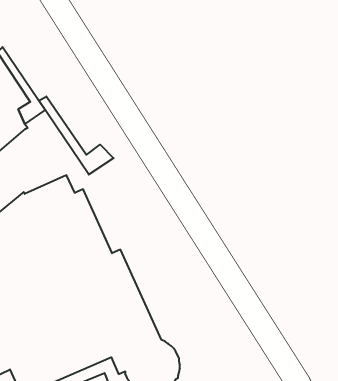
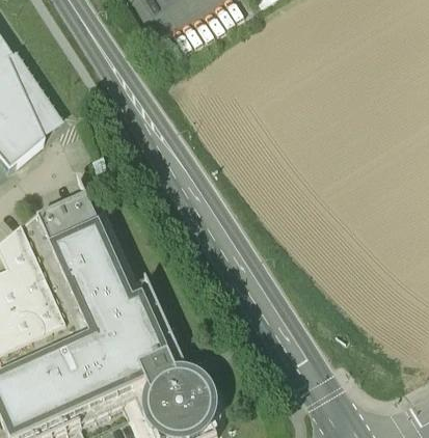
building: [39,96,114,175] -> none

